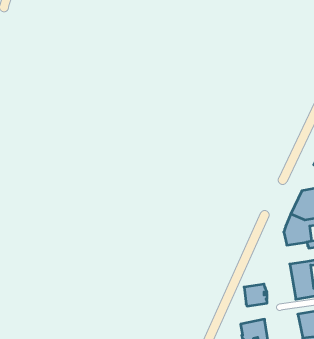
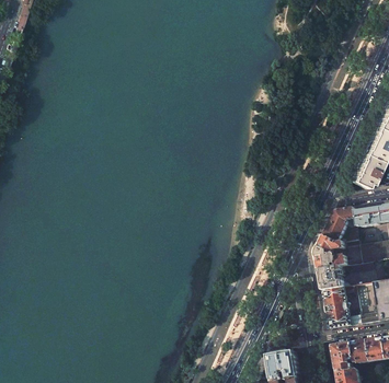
building: [244,284,267,306] -> [321,267,346,291]

